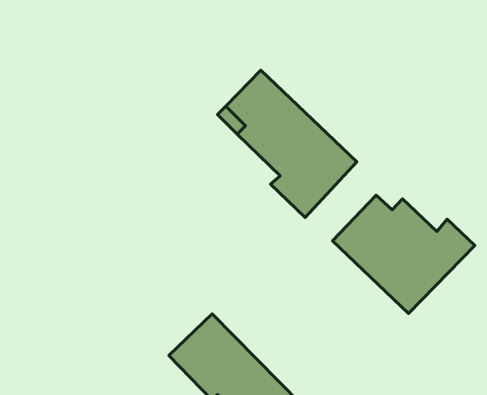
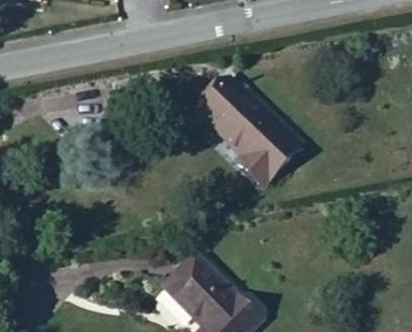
building: [333,195,475,313] -> none

